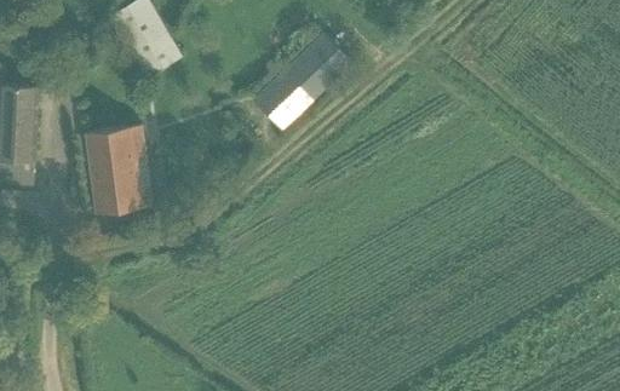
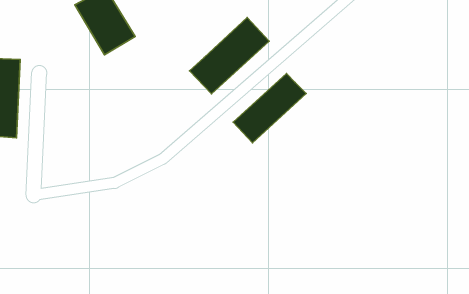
building: none -> [233,74,306,143]
building: [85,126,150,213] -> none

